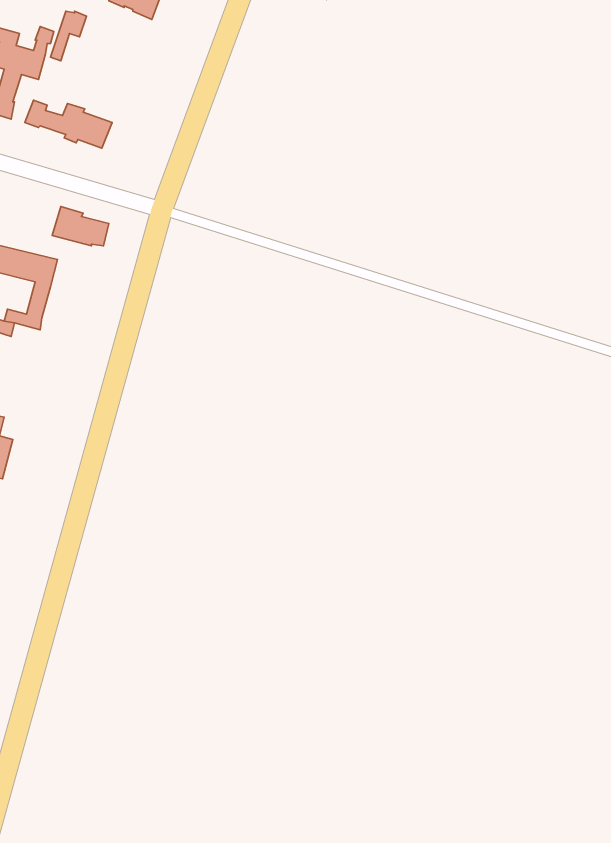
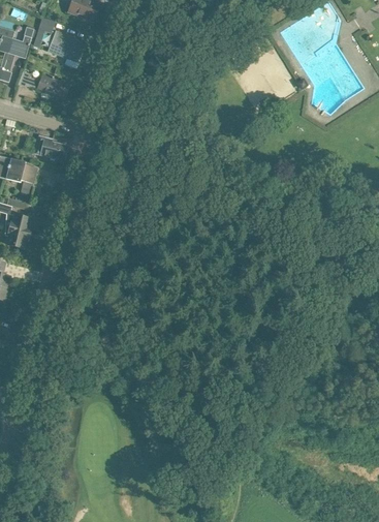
building: none -> [48,30,85,67]
building: none -> [7,213,31,247]

